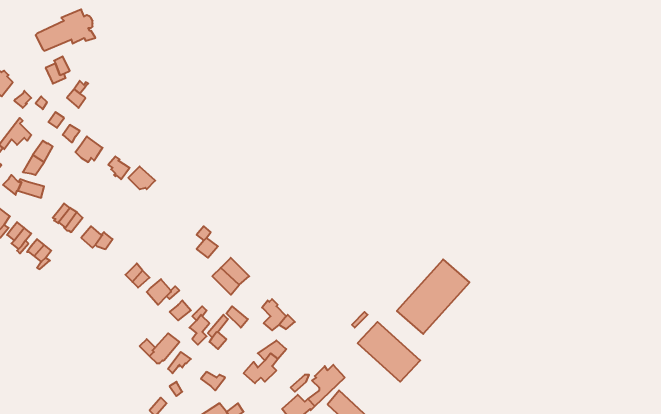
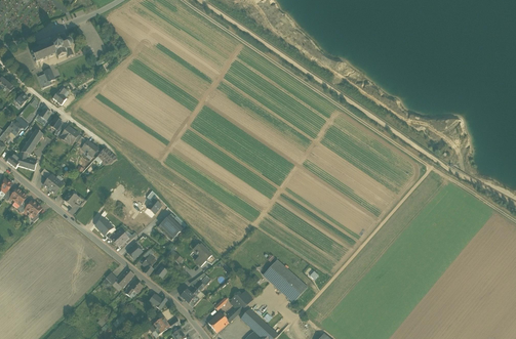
building: [397,259,469,334] -> none

